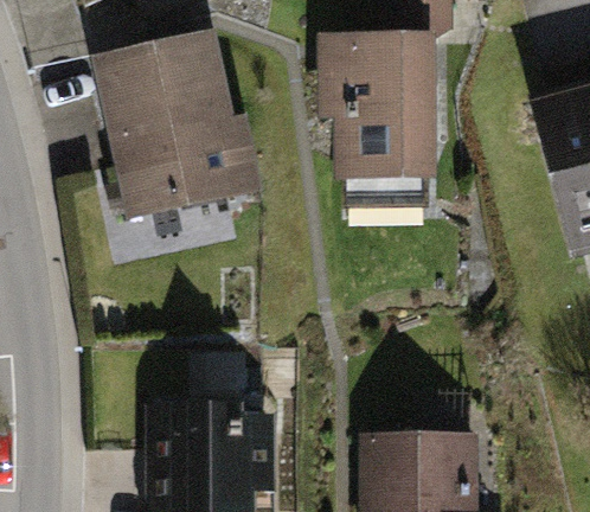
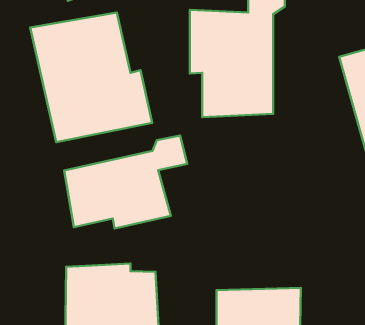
building: none -> [64,136,187,228]

